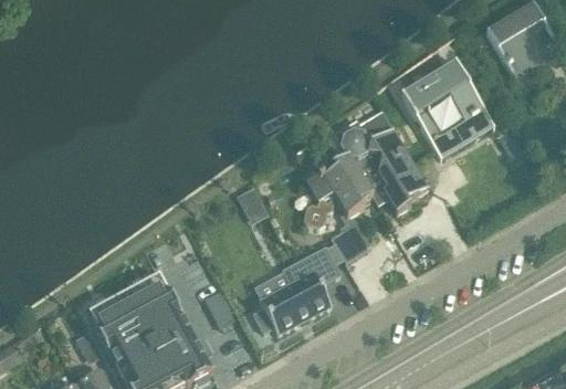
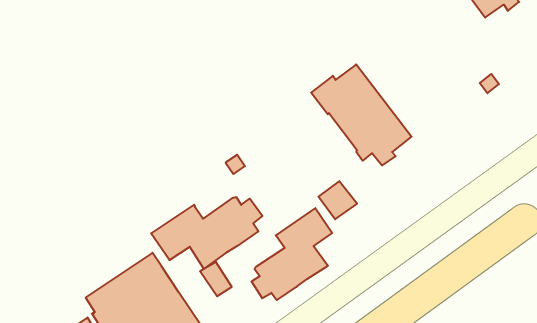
building: [399,60,493,157] -> none
building: [302,154,371,227] -> none
building: none -> [151,197,262,269]

